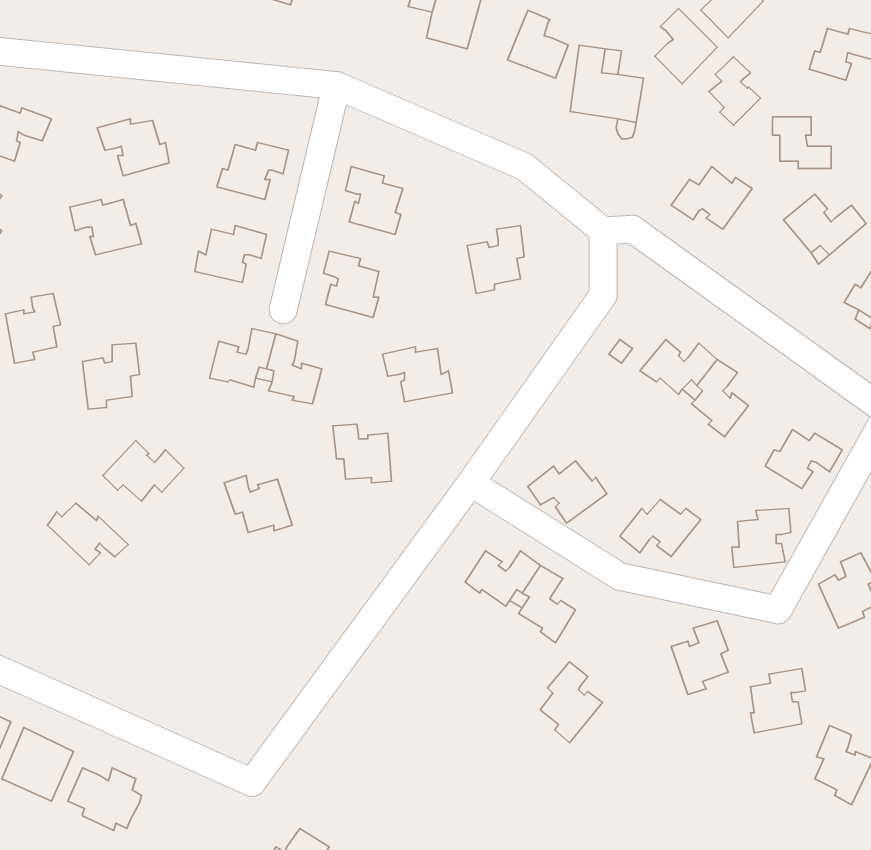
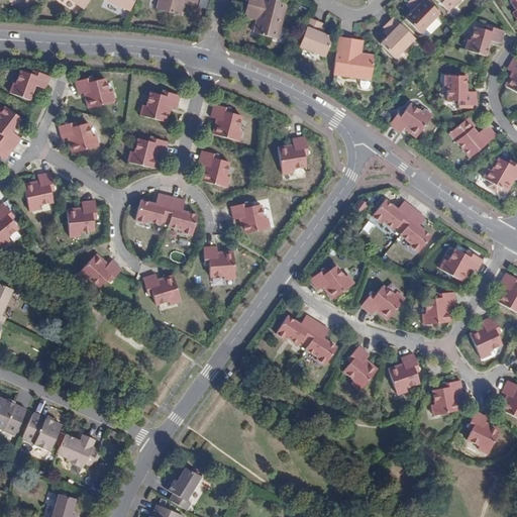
building: [709,57,760,125] -> none
building: [48,503,128,565] -> none
building: [540,662,603,743] -> [343,345,378,390]

